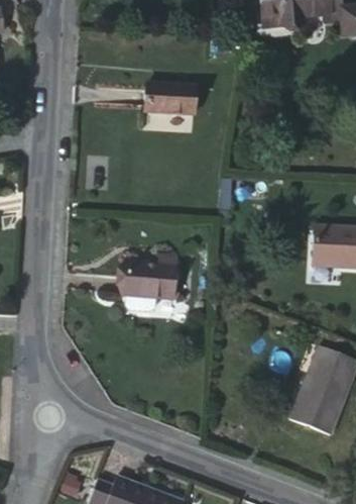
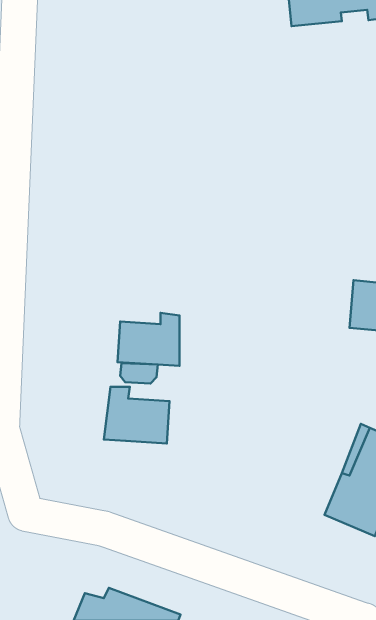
building: [144,84,195,116] -> none
building: none -> [104,387,169,443]

